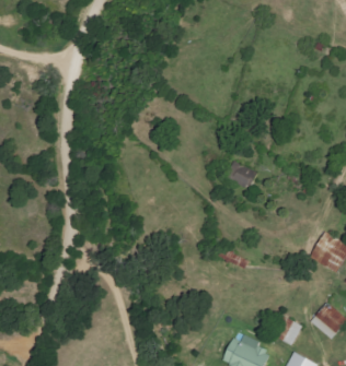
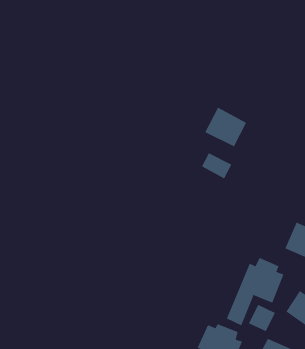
building: none -> [204,107,247,147]
building: none -> [226,257,284,326]

